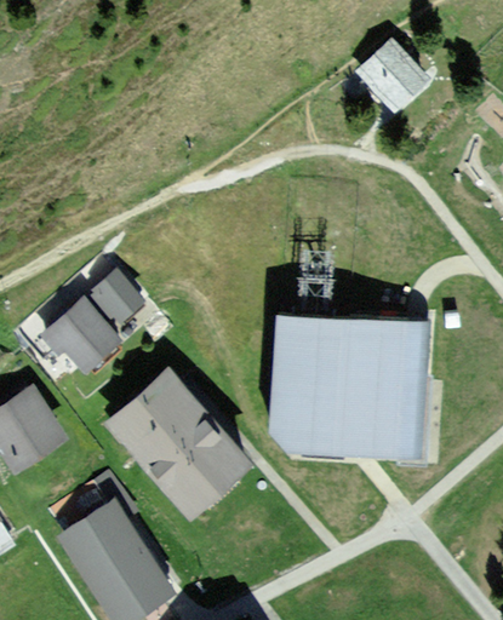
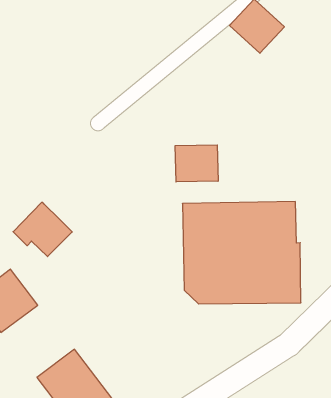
building: none -> [175,145,218,182]
building: [85,270,145,323] -> none
building: [108,369,253,519] -> none

